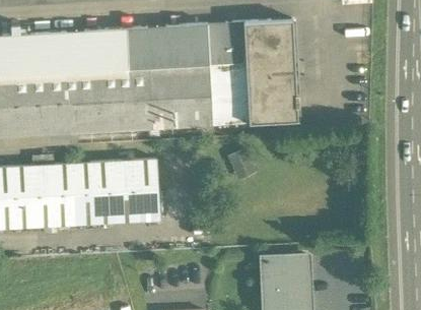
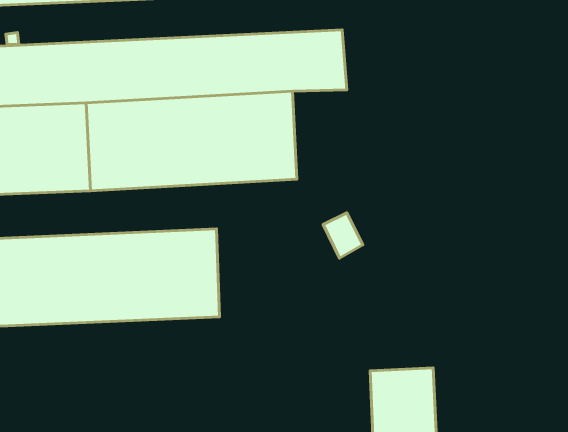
building: [210,18,299,126] -> none

